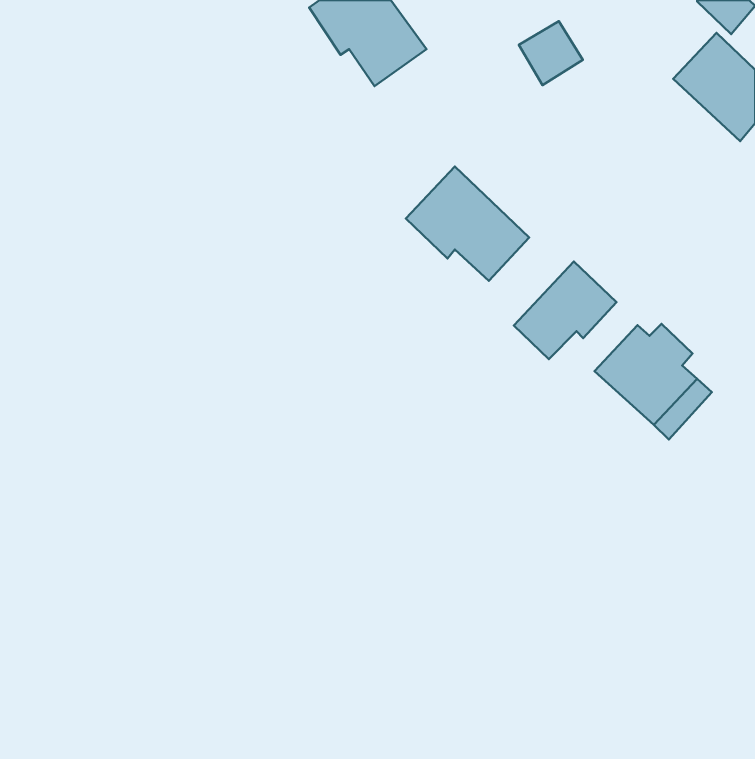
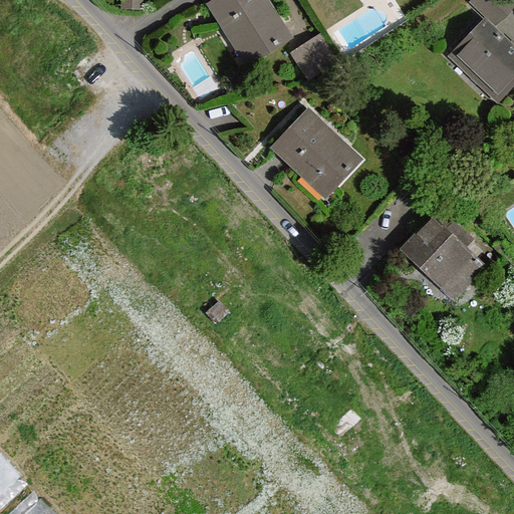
building: [519,21,583,85] -> [292,36,335,79]
building: [514,261,617,359] -> none

